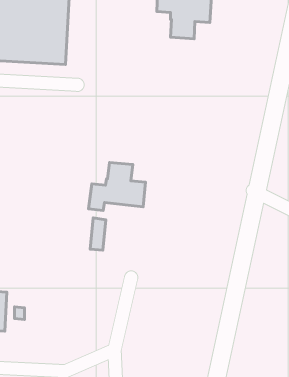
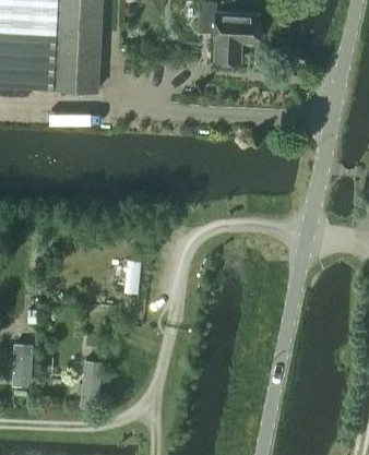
building: [88,163,145,210] -> none
building: none -> [76,361,100,410]

